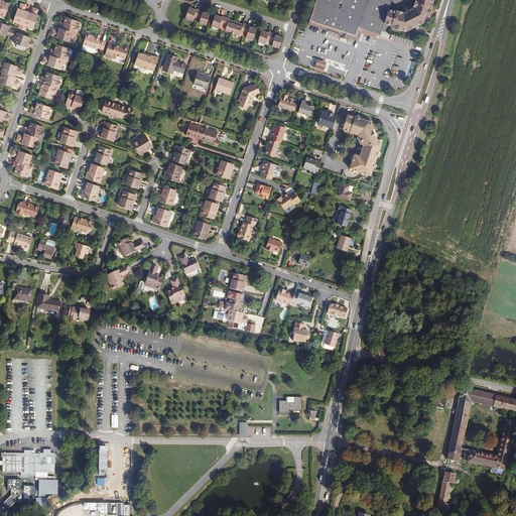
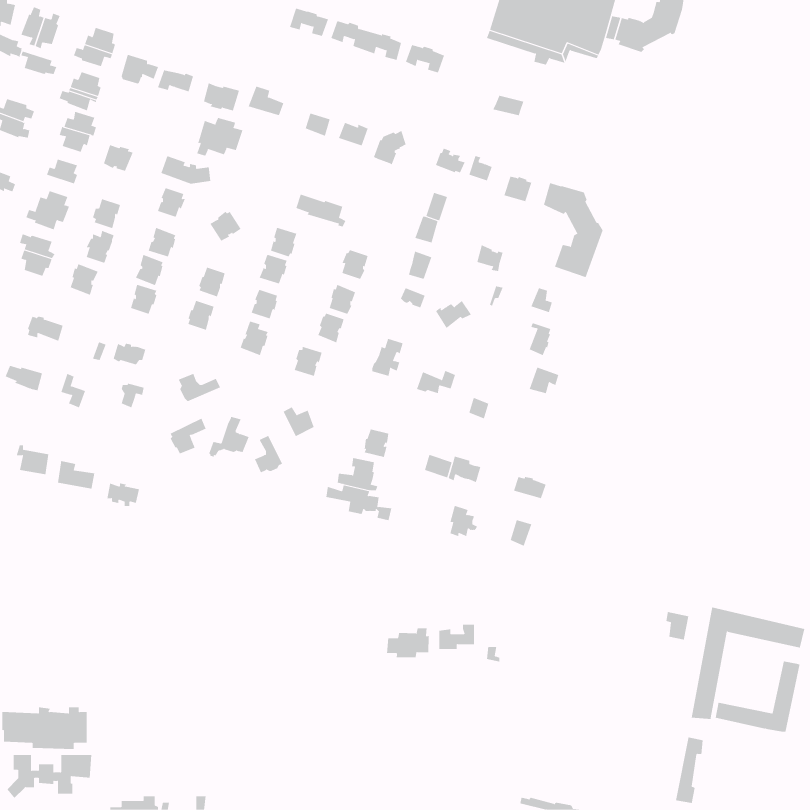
building: none -> [197,117,243,156]
building: none -> [386,628,429,658]

